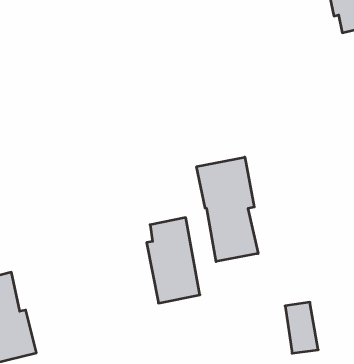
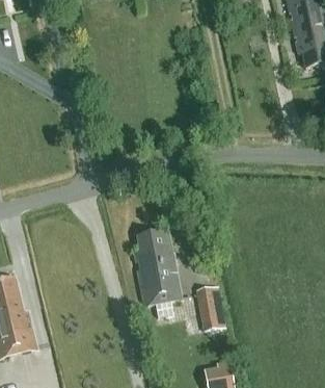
building: [197,157,258,262] -> none
building: [285,302,318,353] -> [196,285,225,330]

